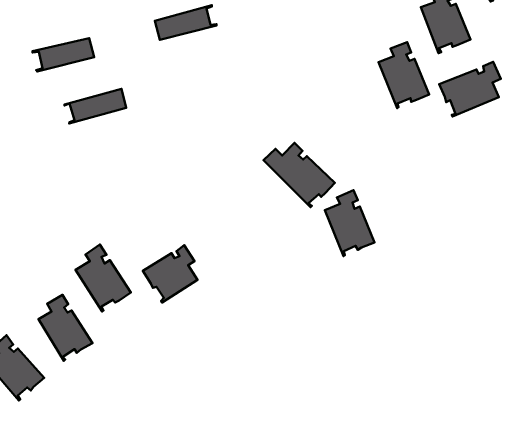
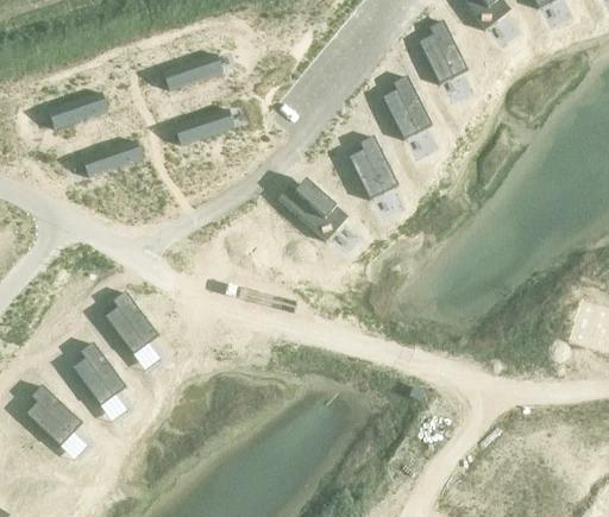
building: [439,62,501,116] -> none
building: none -> [176,109,237,146]
building: [325,190,374,256] -> [349,135,398,200]
building: [143,245,197,302] -> none

